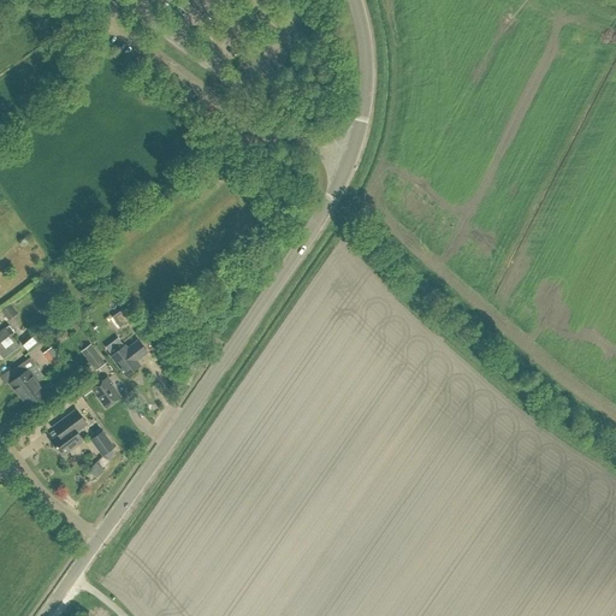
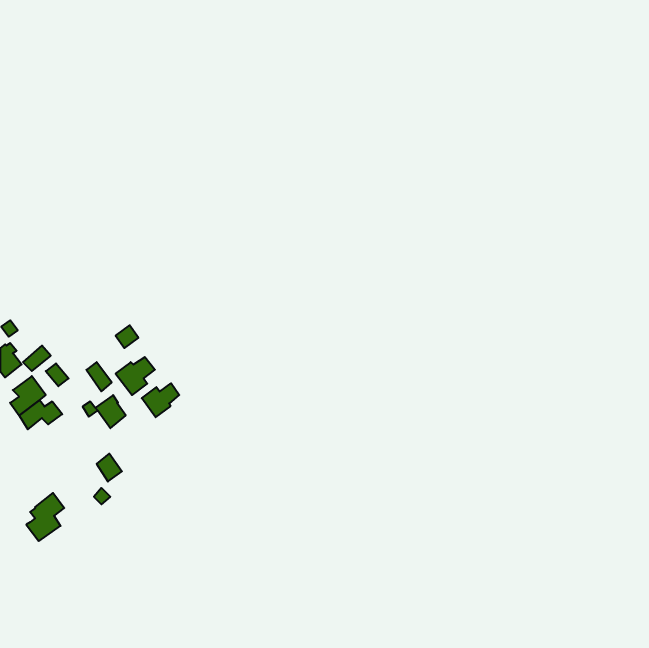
building: none -> [142,383,179,417]
building: [49,408,85,454] -> [26,493,64,541]

